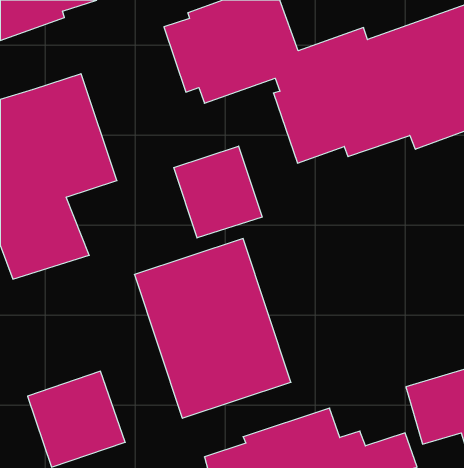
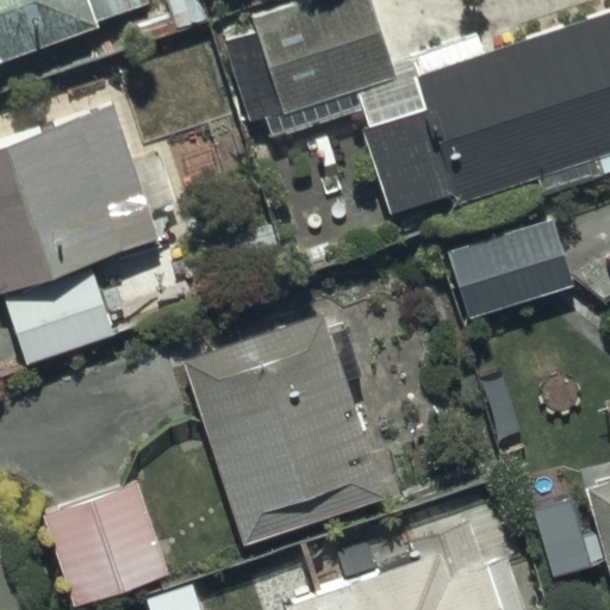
building: [174,146,262,238] -> none
building: none -> [446,217,574,320]

